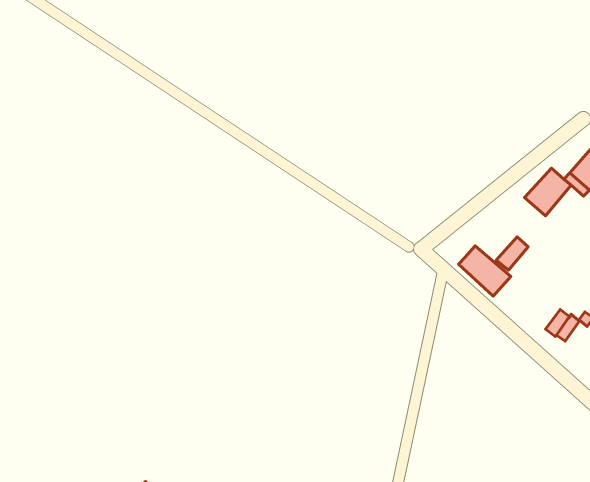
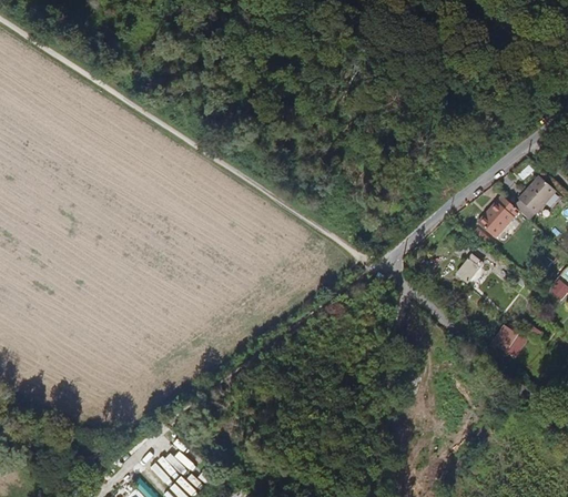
building: [459,246,511,296] -> none

